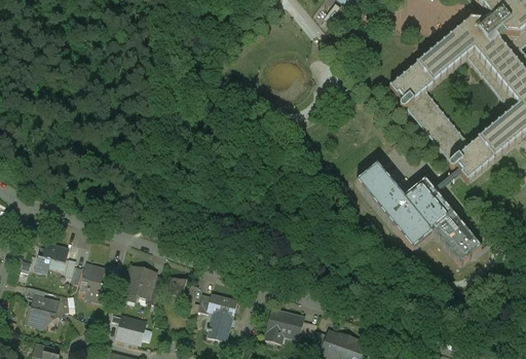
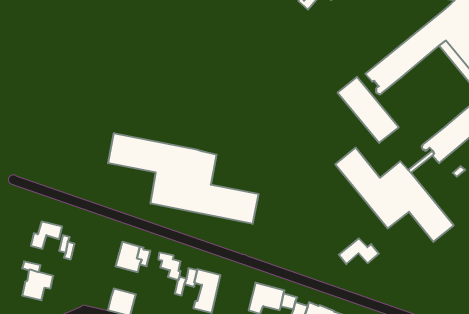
building: [406,92,471,161] -> [338,77,399,143]
building: none -> [108,133,258,224]
building: none -> [339,238,379,264]
building: [82,263,106,301] -> none

